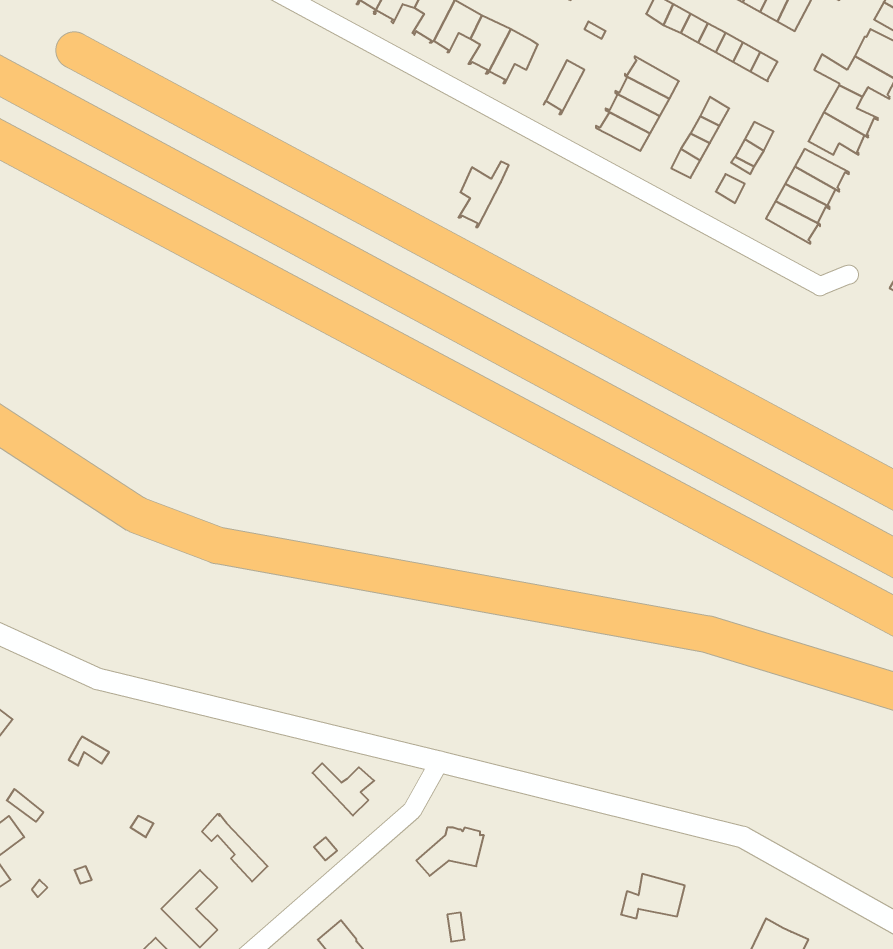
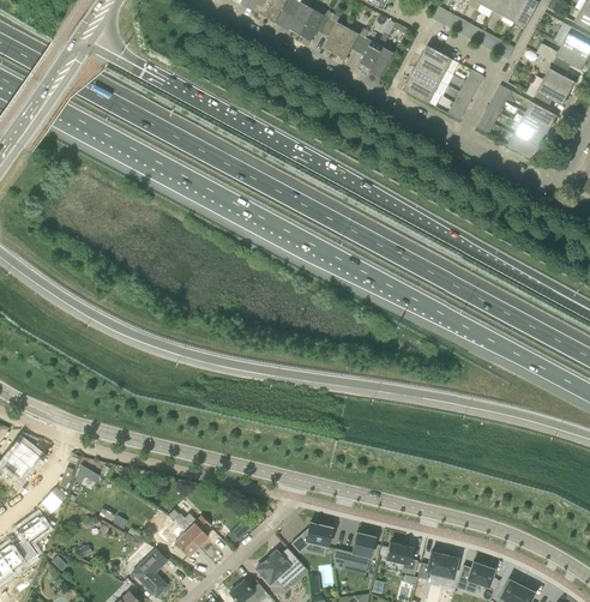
building: [458,161,509,227] -> [357,34,389,74]
building: [312,763,374,816] -> [173,514,211,547]
building: none -> [332,532,374,570]
building: none -> [385,540,417,574]
building: none -> [255,548,307,584]
building: none -> [456,561,494,591]

